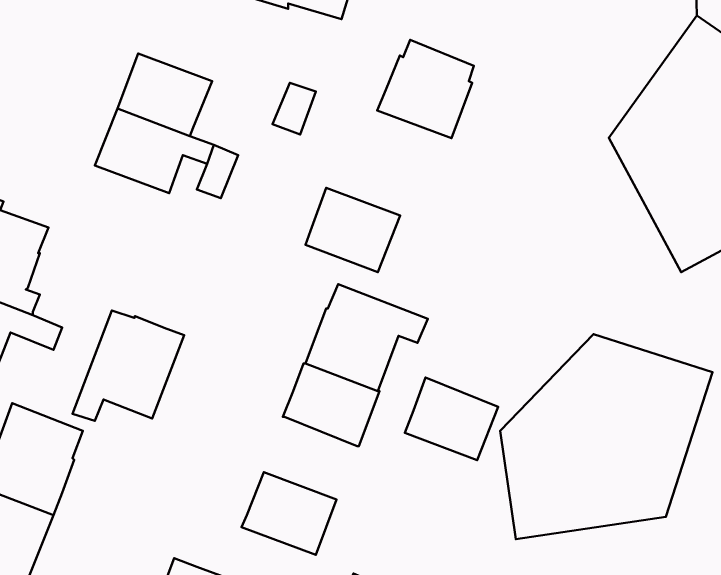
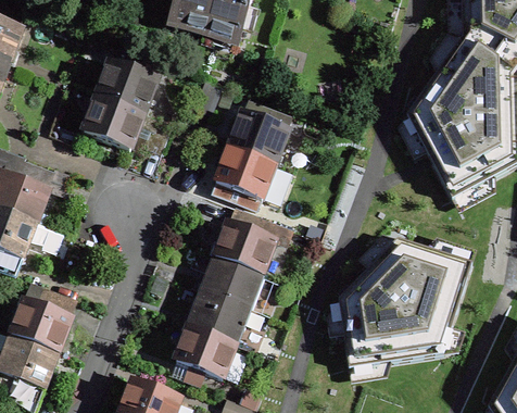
building: [377,40,474,138] -> [228,103,289,165]
building: [73,310,184,421] -> none
building: [405,378,498,460] -> [189,292,248,345]

